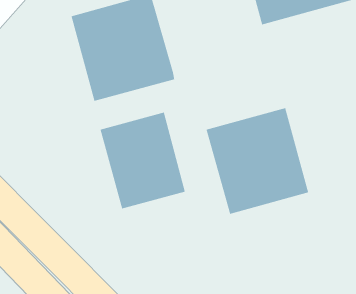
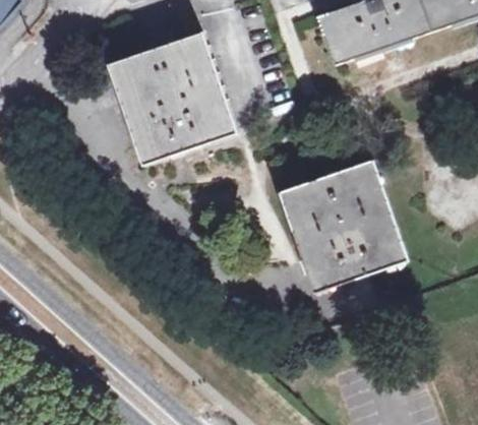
building: [100,112,186,209] -> none

